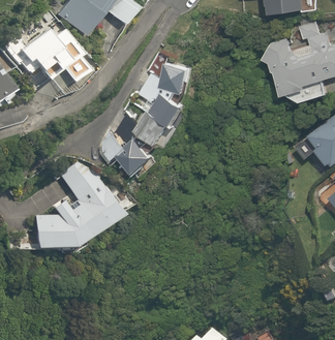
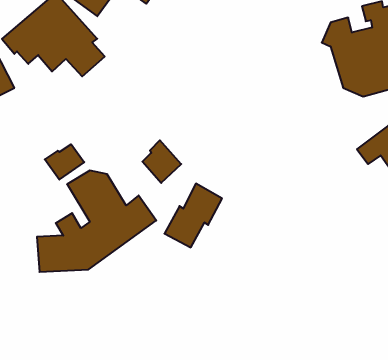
building: [159,63,186,91] -> none
building: [132,93,180,146] -> [164,184,222,247]
building: none -> [45,144,84,180]

